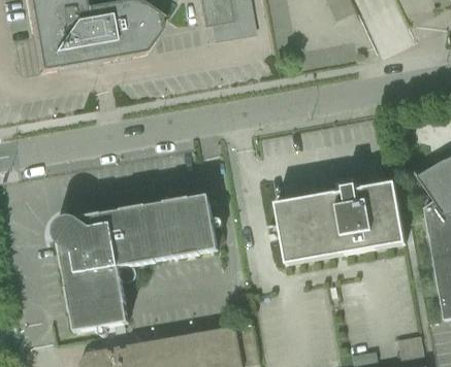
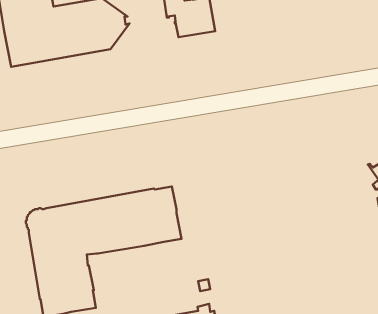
building: [275,182,405,264] -> none

